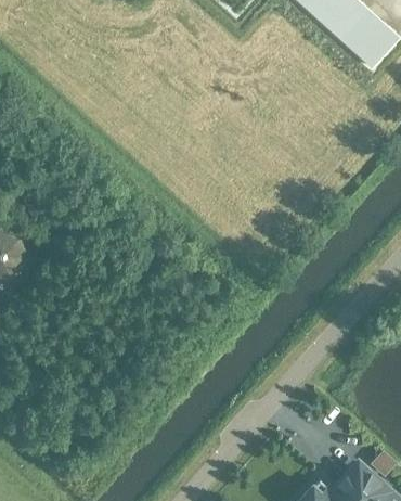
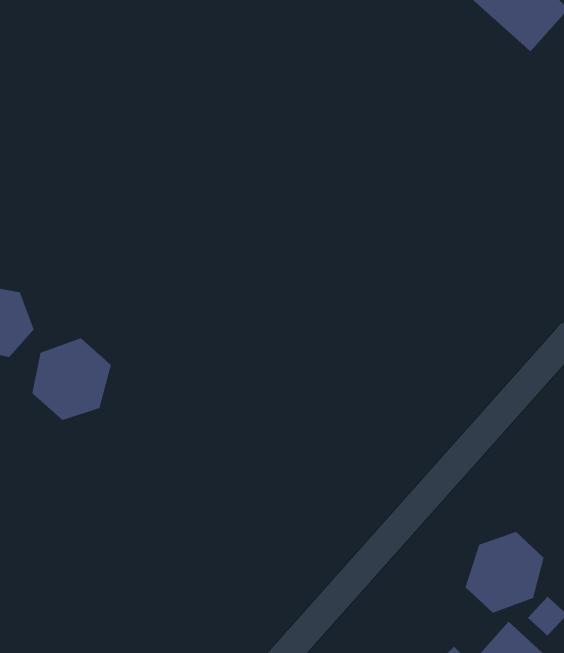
building: none -> [32,338,112,421]
building: none -> [465,531,544,614]

